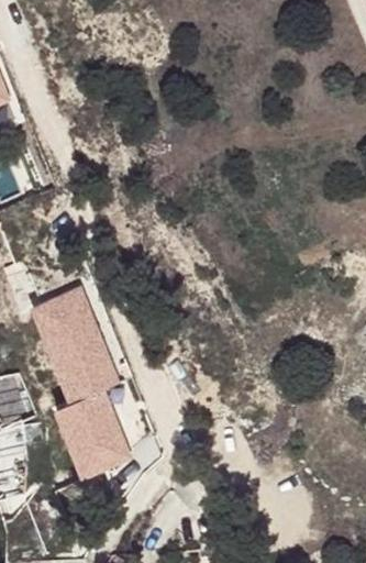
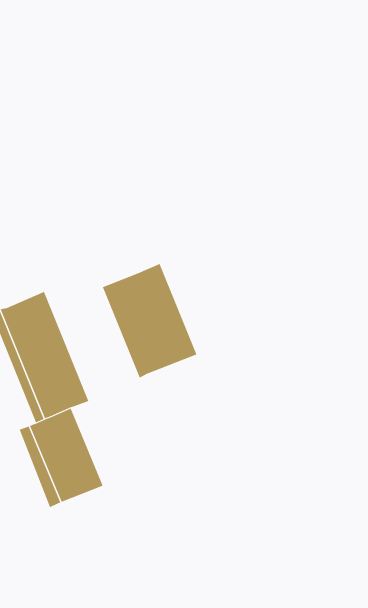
building: none -> [102,263,197,378]

